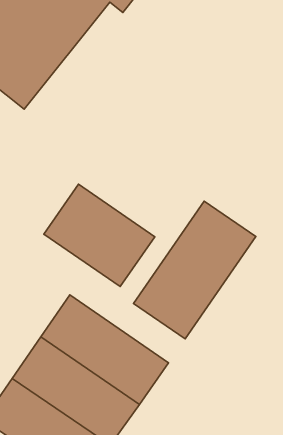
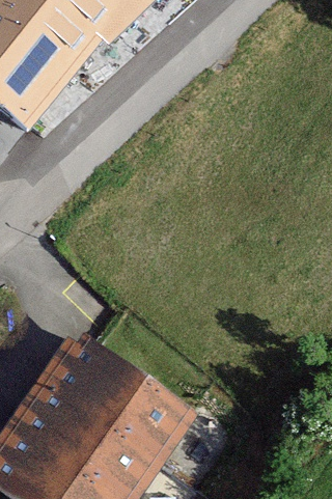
building: [44,184,155,287] -> none
building: [133,201,256,339] -> none

